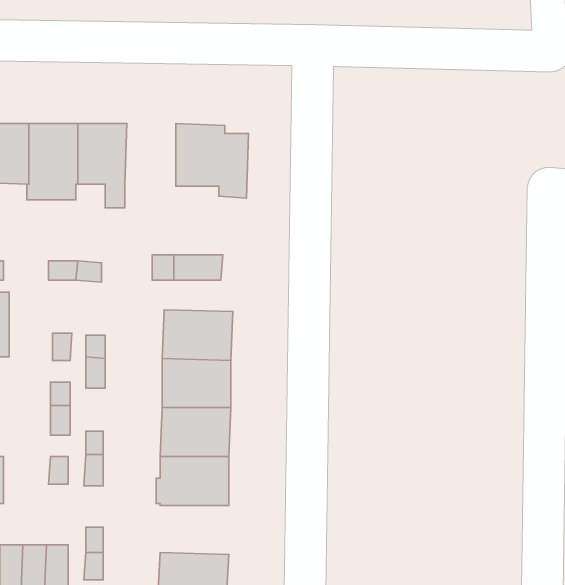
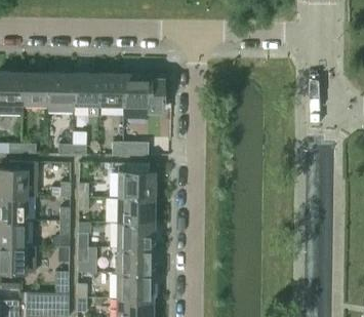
building: none -> [98,74,125,107]
building: none -> [117,274,153,300]

